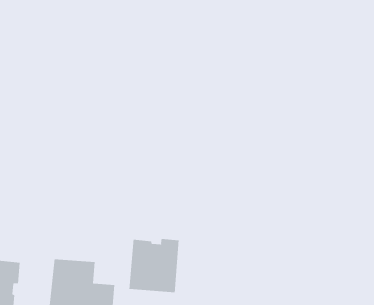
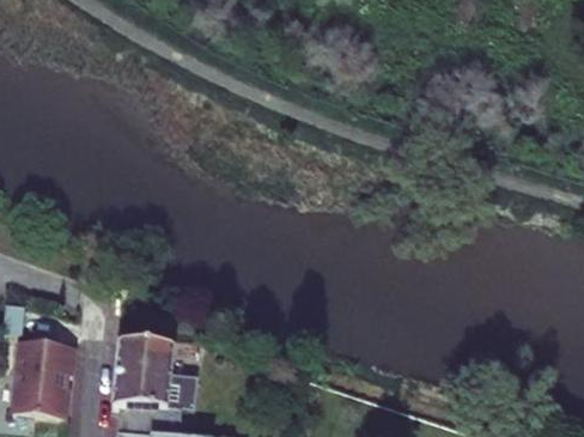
building: [129,238,179,293] -> none

